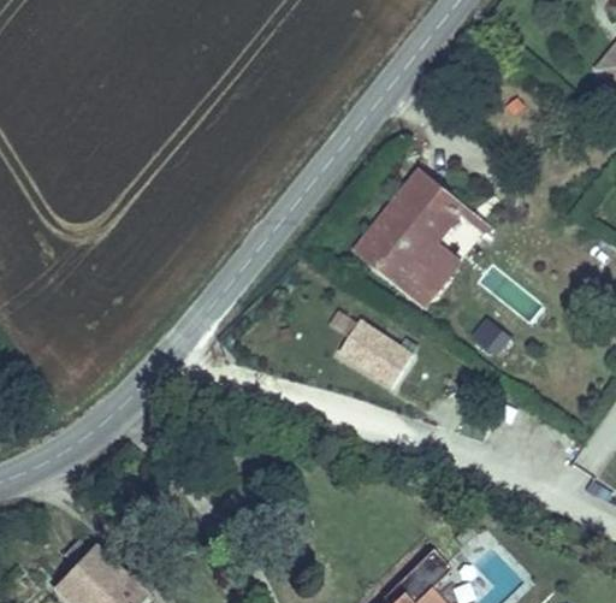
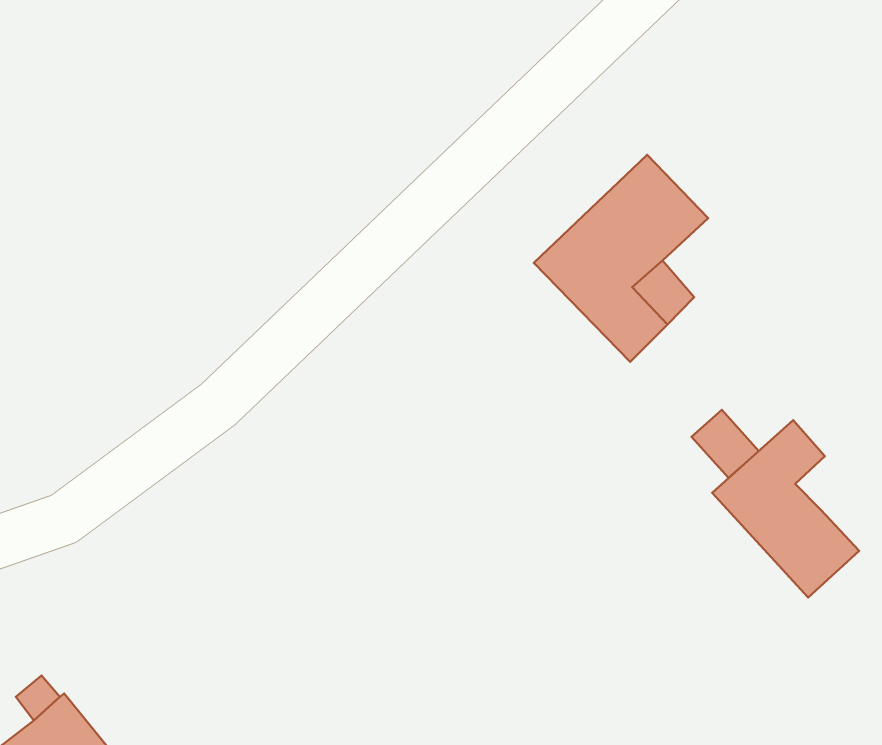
building: none -> [712,420,859,598]
building: [337,321,416,395] -> none

